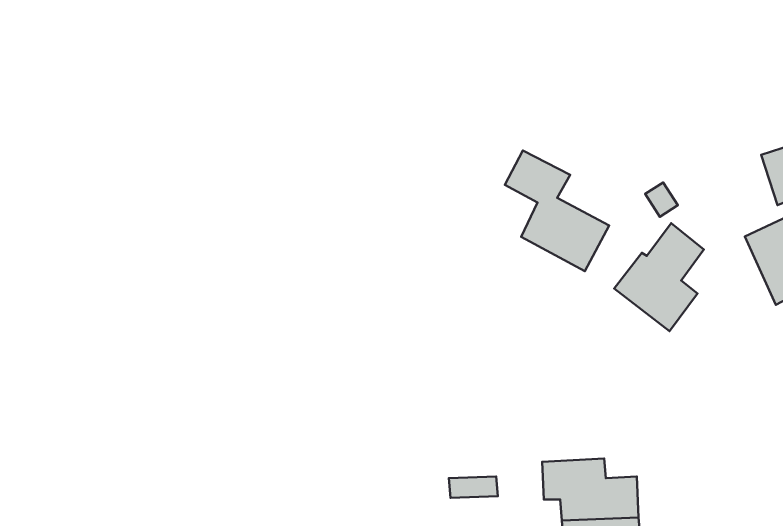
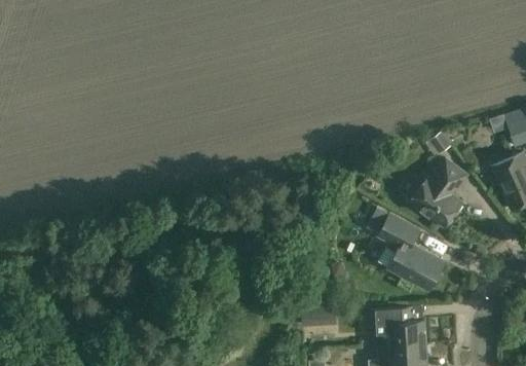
building: [505,150,609,271] -> [378,214,444,290]

